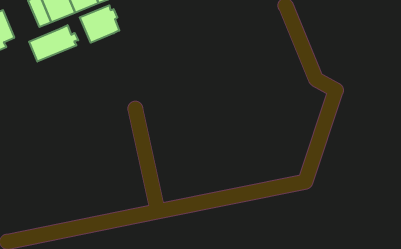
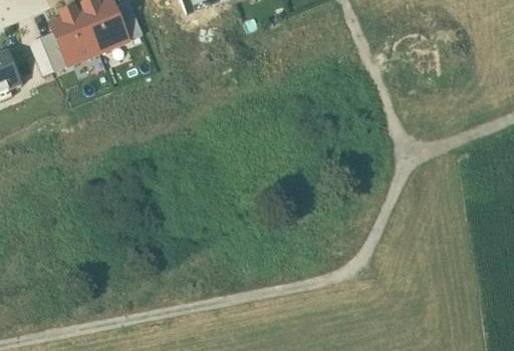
building: [80,5,119,43] -> none
building: [29,25,78,62] -> none

